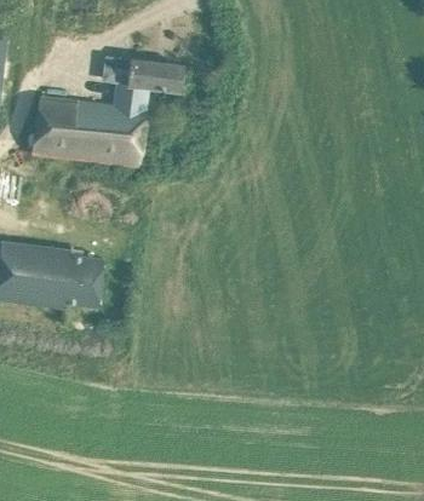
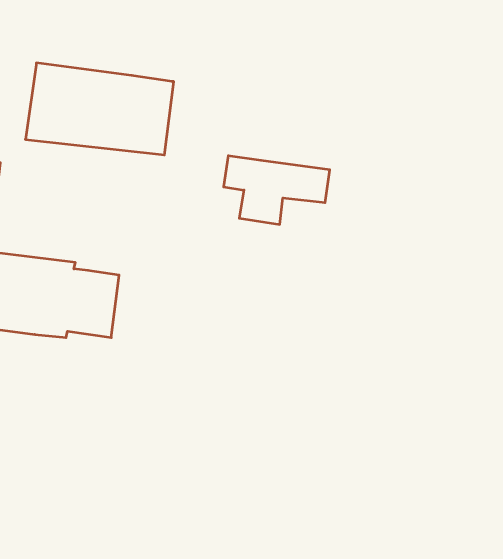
building: [102,56,184,109] -> [224,156,330,224]

